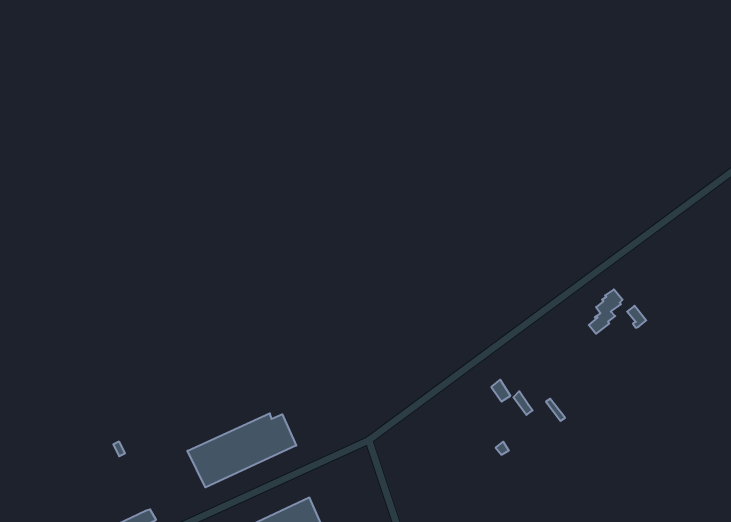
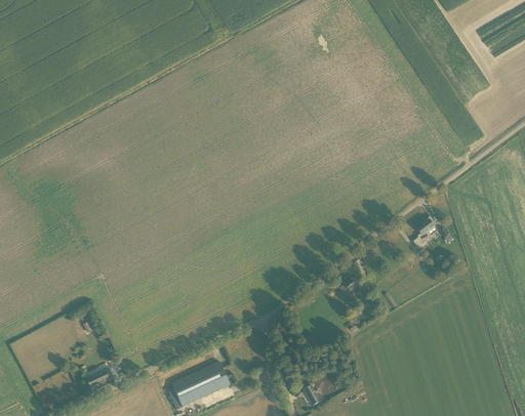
building: [187,413,296,487] -> none

